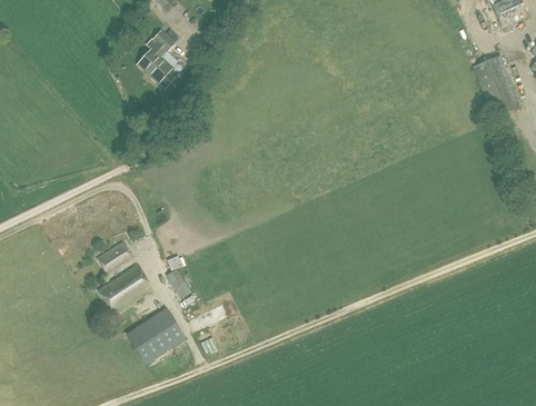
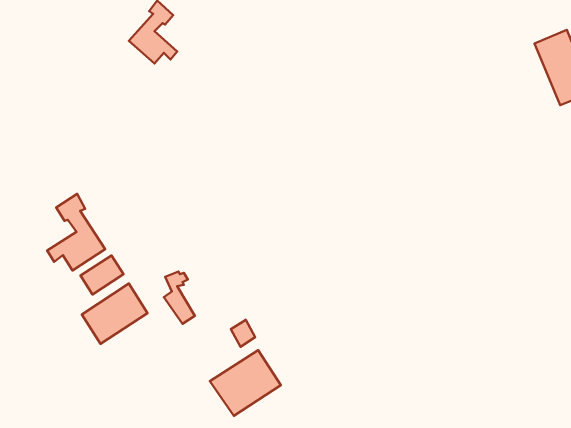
building: none -> [47,194,105,271]
building: [126,308,185,363] -> [210,350,281,416]

